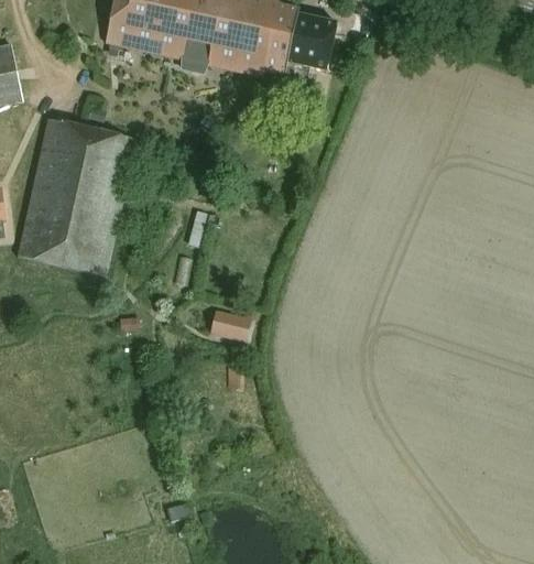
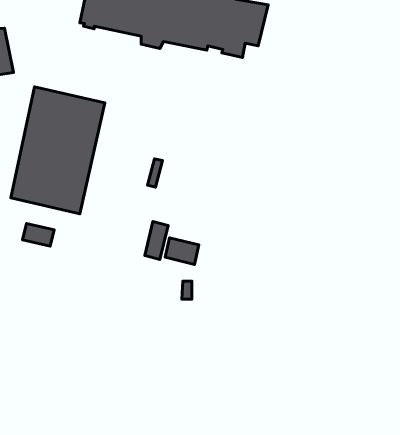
building: none -> [145,222,168,260]
building: none -> [23,224,54,246]

